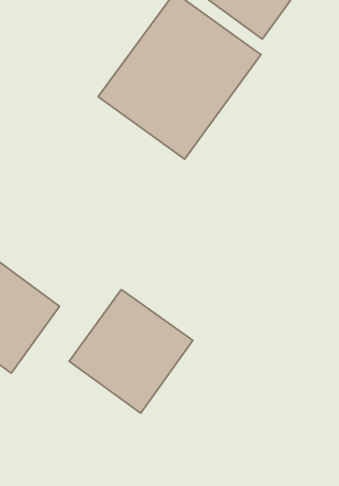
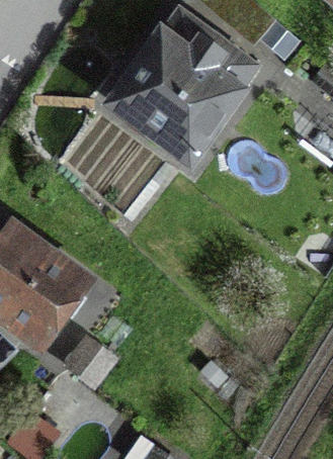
building: [69,290,193,413] -> none

